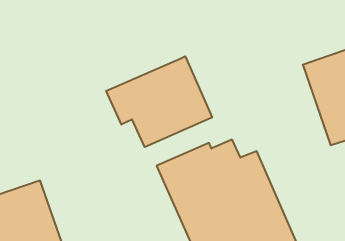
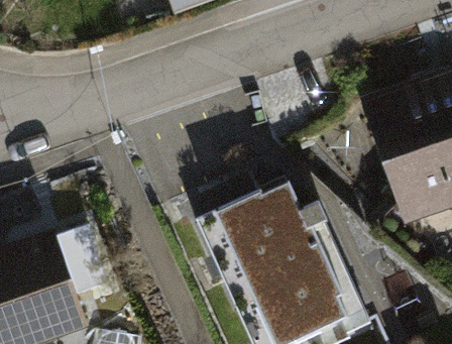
building: [106,56,212,147] -> none

